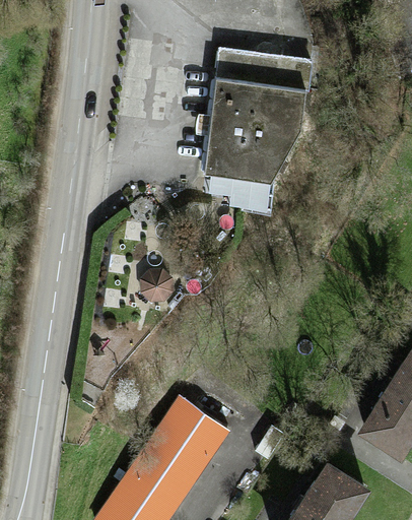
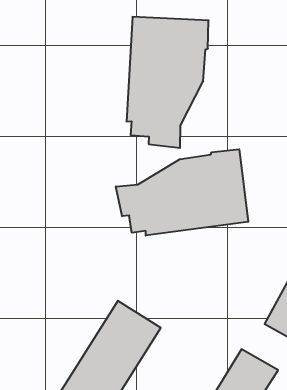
building: none -> [116,149,248,236]
building: [139,268,173,302] -> none

